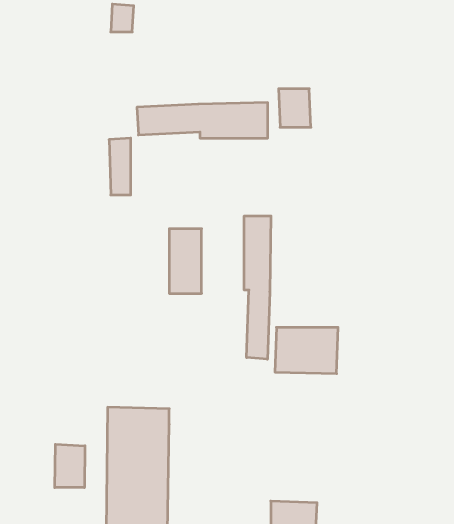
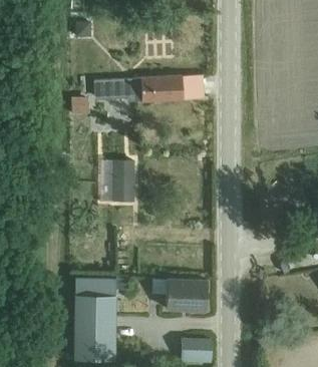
building: [244,216,271,359] -> none
building: [275,327,338,374] -> [165,280,206,310]
building: [55,444,85,488] -> none

